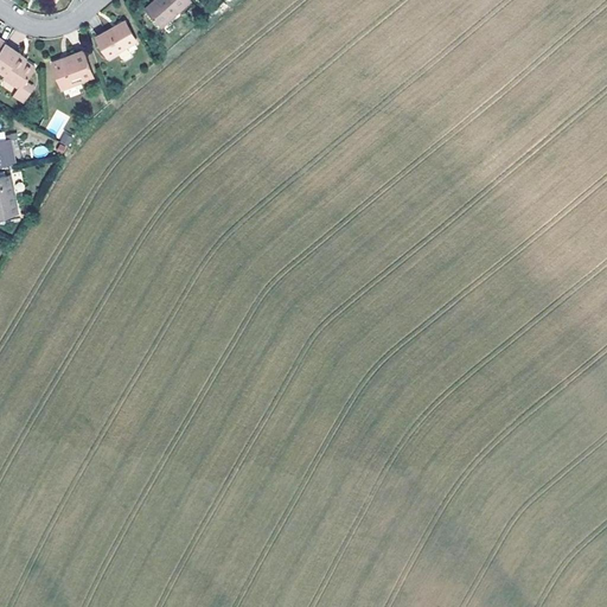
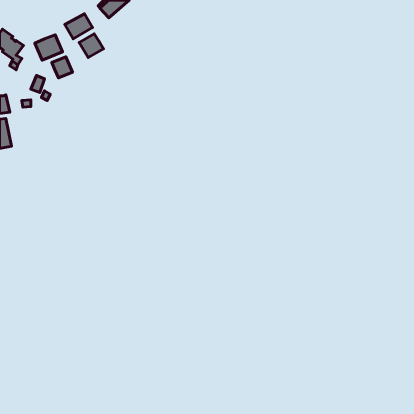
building: none -> [79,34,103,57]
building: none -> [52,57,72,78]

